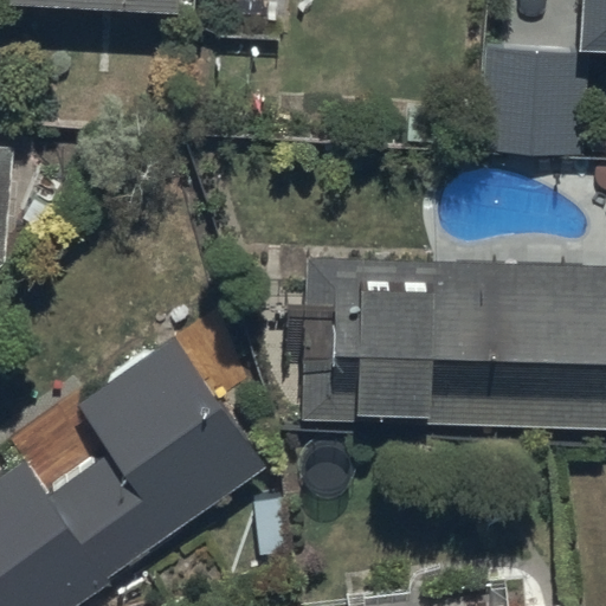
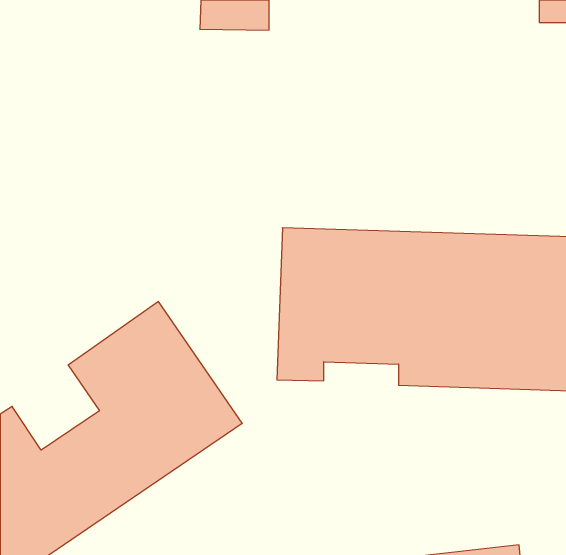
building: [498,51,589,166] -> none

